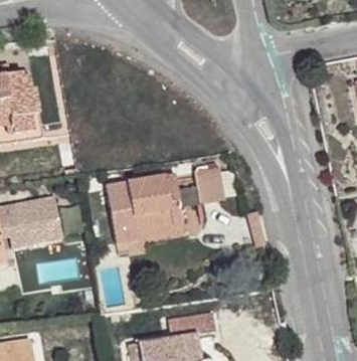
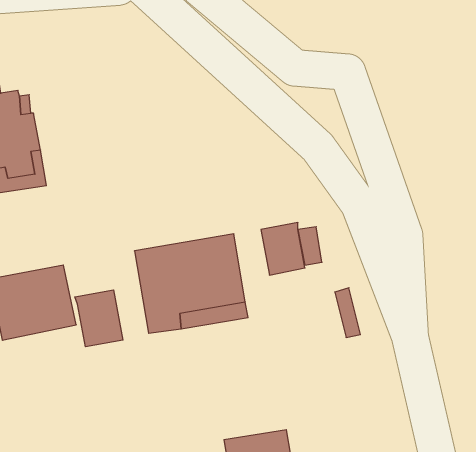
building: none -> [75,290,123,347]

